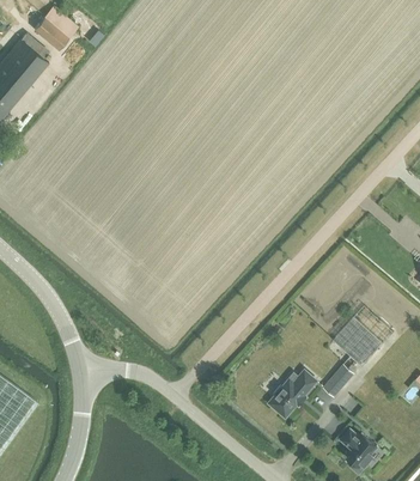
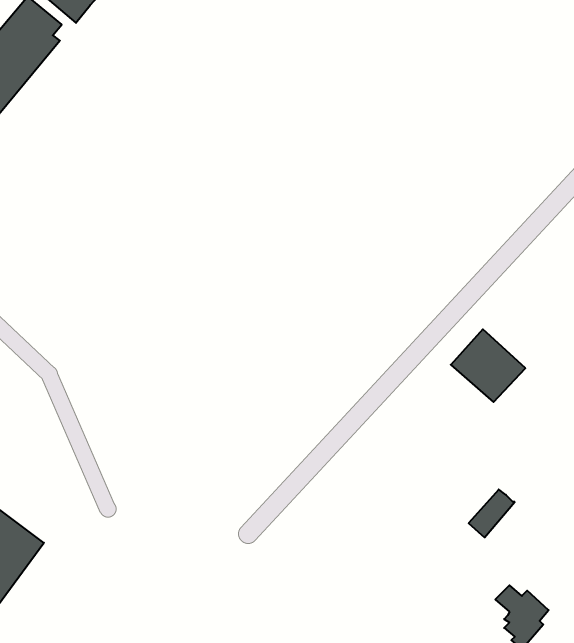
building: [333,316,383,365] -> [451,329,525,402]
building: [269,371,317,416] -> none

